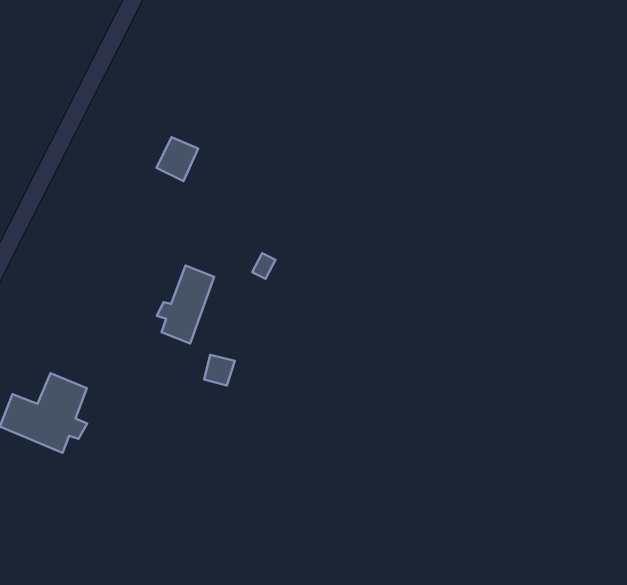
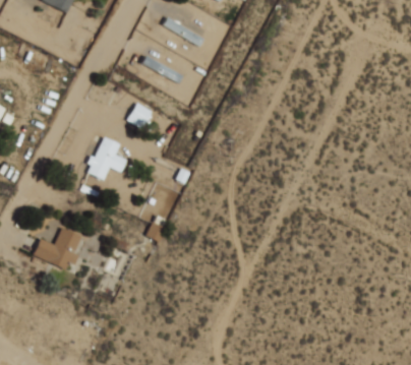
building: [157,266,214,344] -> [87,136,120,179]

